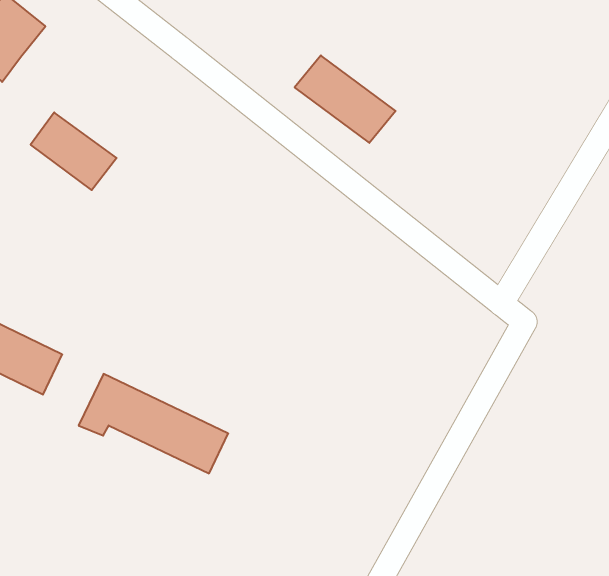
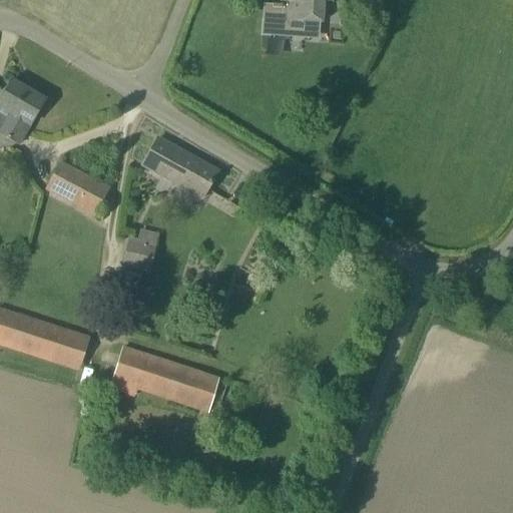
building: [295,55,396,143] -> [142,137,218,196]
building: none -> [123,226,158,270]

